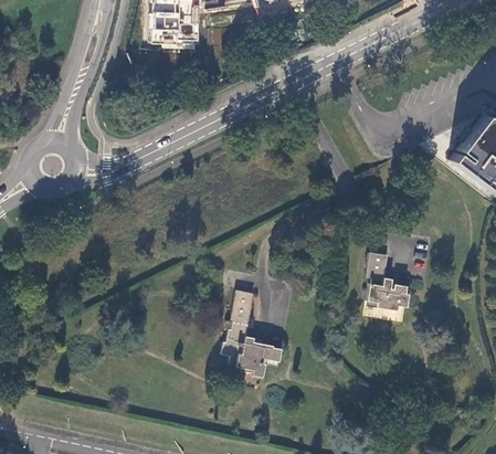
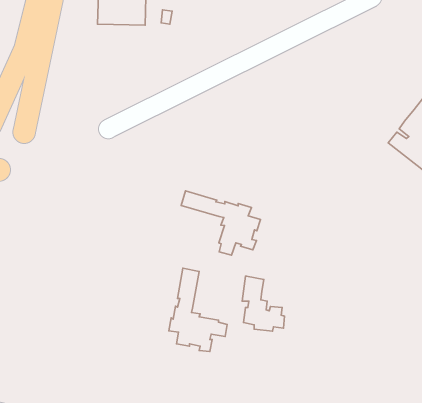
building: none -> [181,191,260,255]
building: [367,252,410,308] -> [242,276,284,331]

